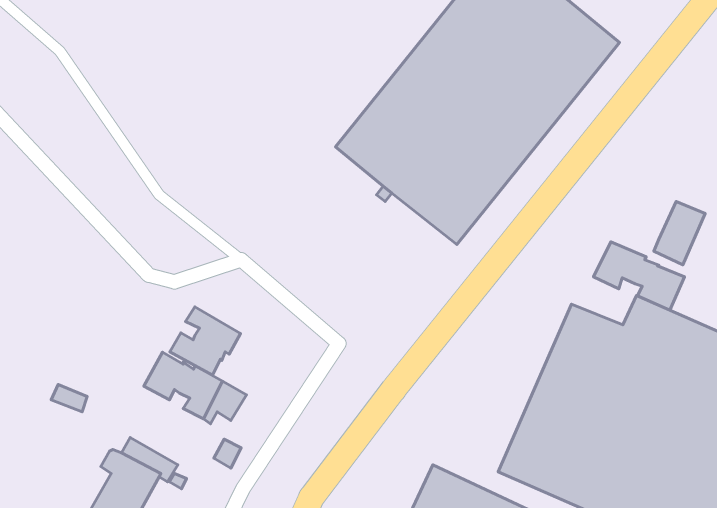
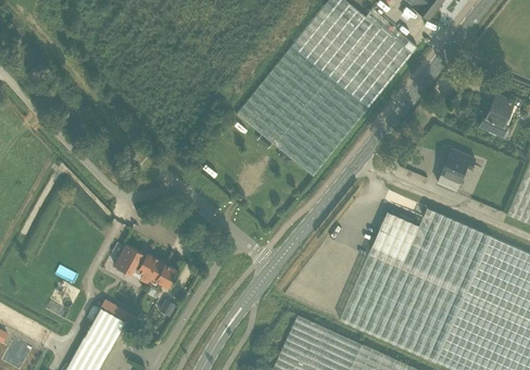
building: [593,242,684,310] -> none
building: [170,307,240,375] -> none

